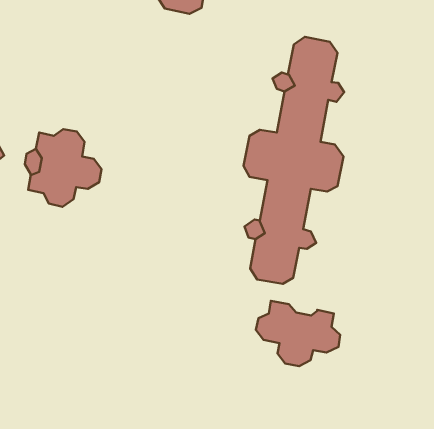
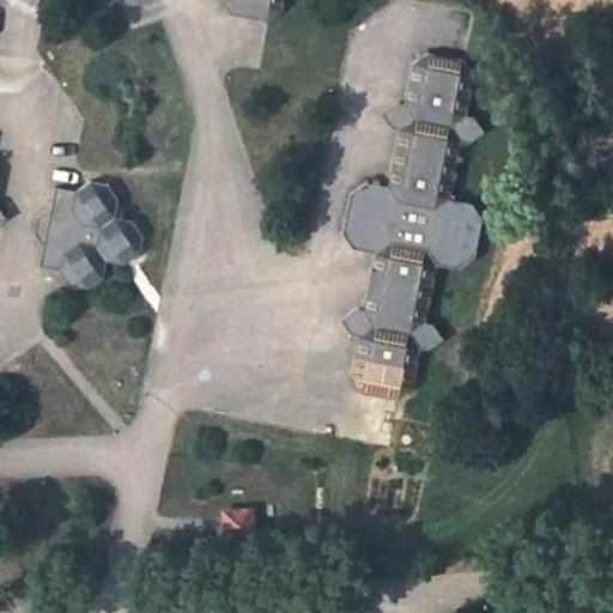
building: [256,301,340,366] -> none

